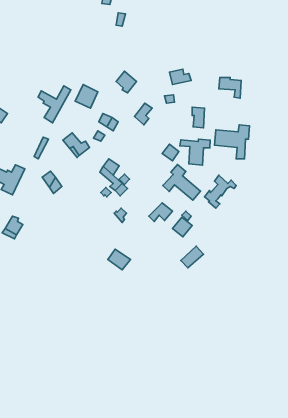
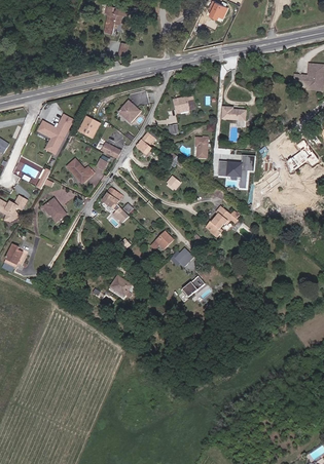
building: [180,139,210,165] -> none
building: [163,164,201,200] -> none

